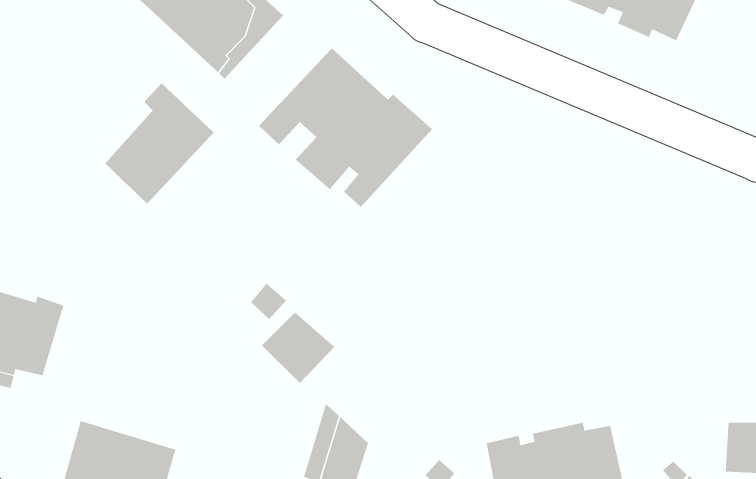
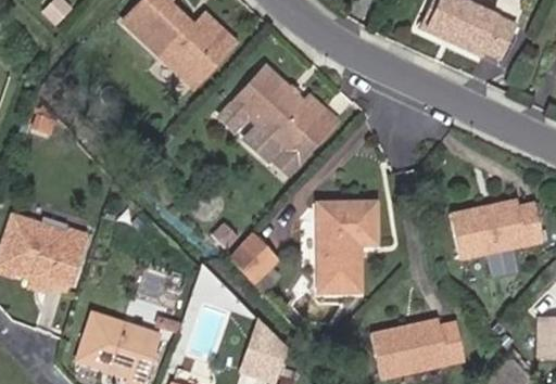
building: [105,82,214,204] -> none
building: none -> [450,196,543,256]
building: none -> [316,201,376,290]

